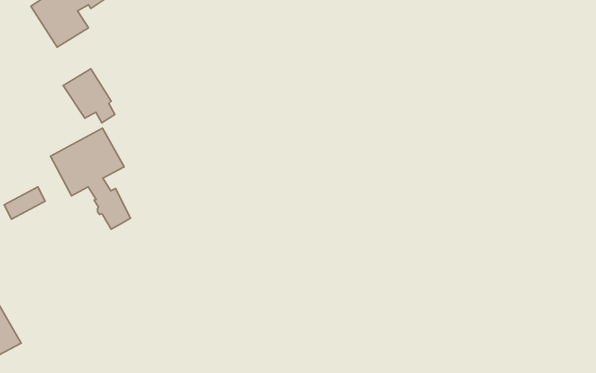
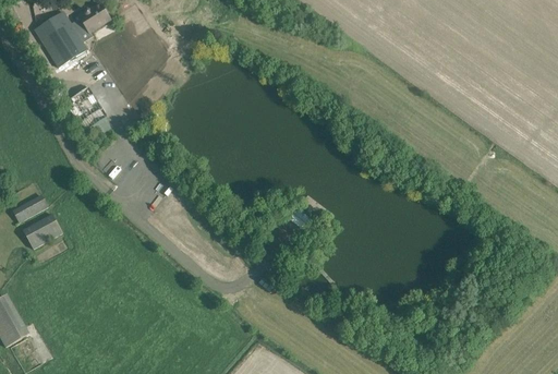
building: [51,128,130,229] -> none
building: none -> [23,214,62,249]

